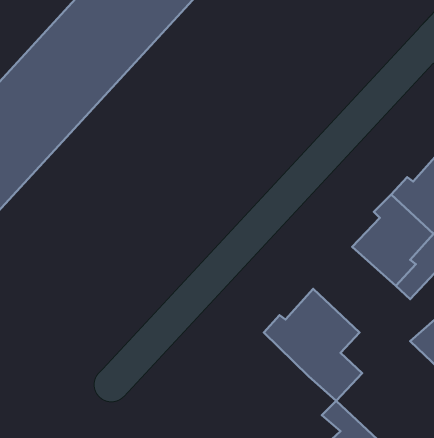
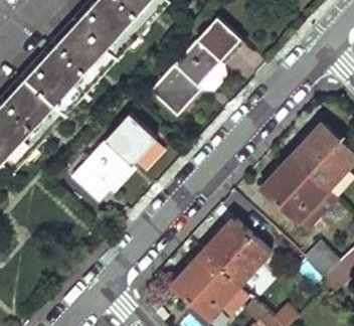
building: none -> [149,31,234,118]
building: none -> [69,114,156,204]
building: none -> [174,249,233,315]

